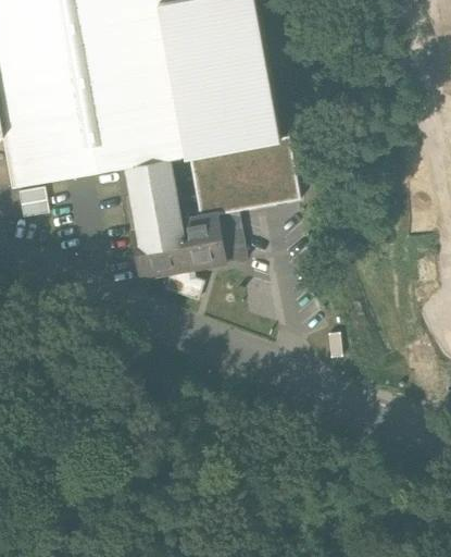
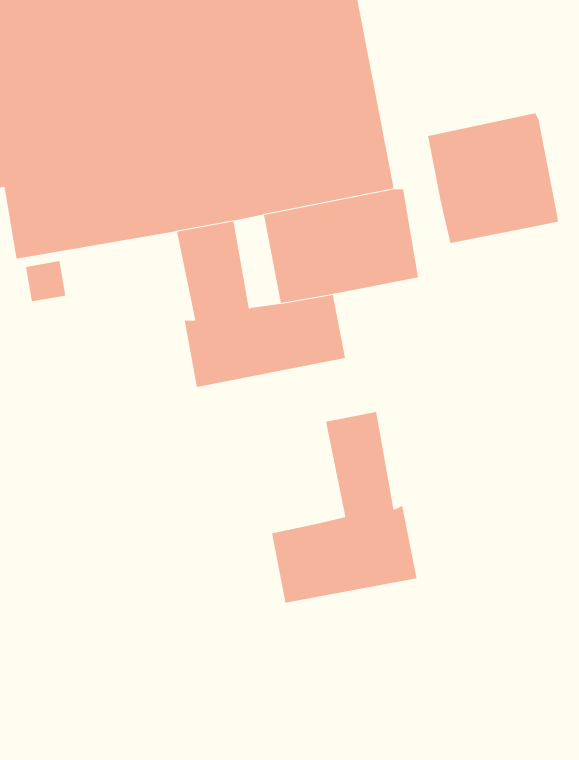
building: none -> [427,112,559,244]
building: none -> [272,411,417,603]

